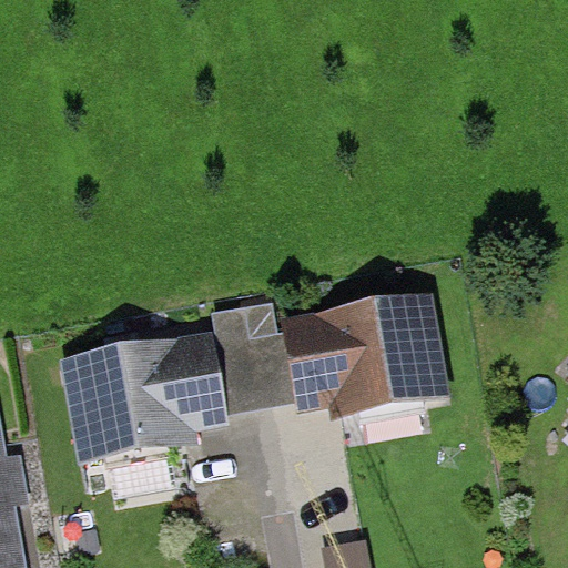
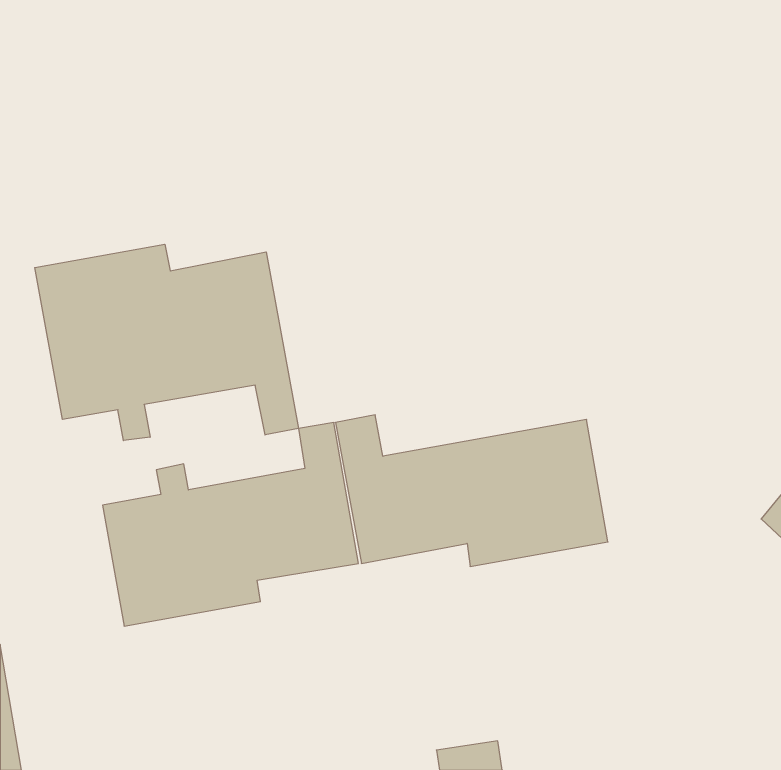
building: none -> [35,244,299,441]

